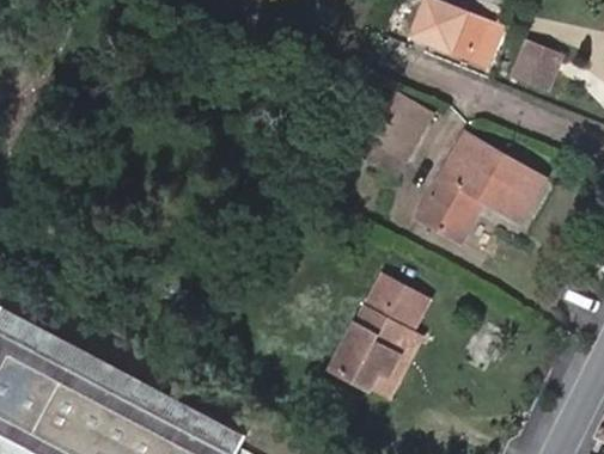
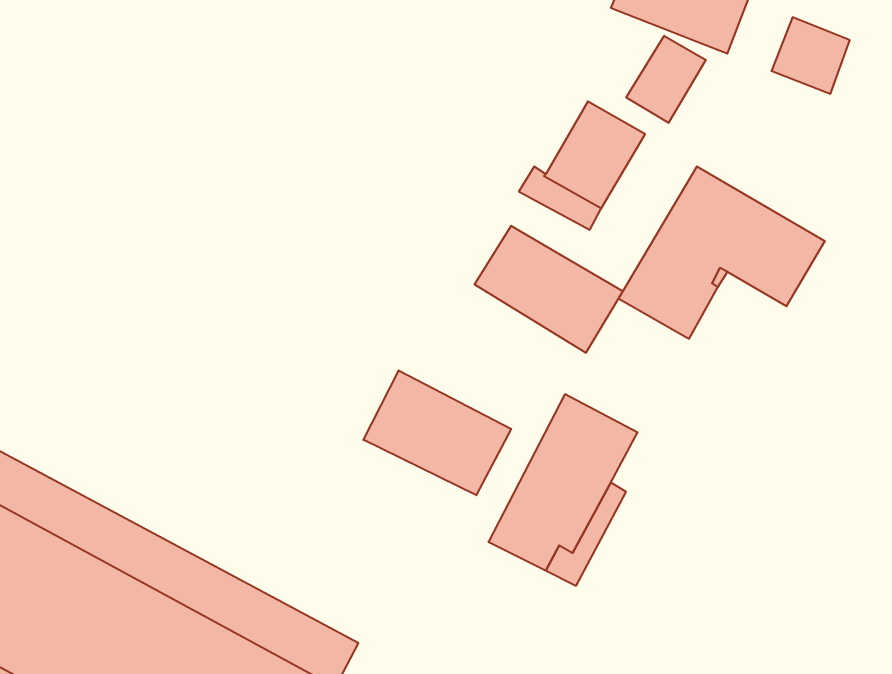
building: none -> [626,36,706,123]
building: none -> [475,226,623,353]
building: none -> [363,370,511,495]

